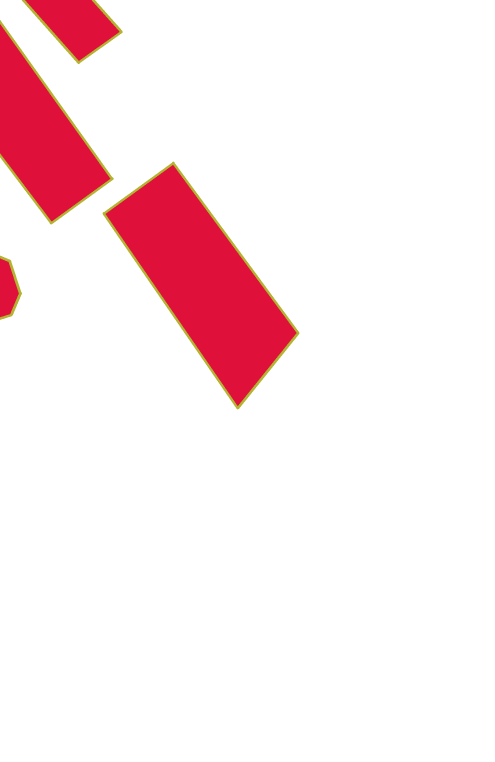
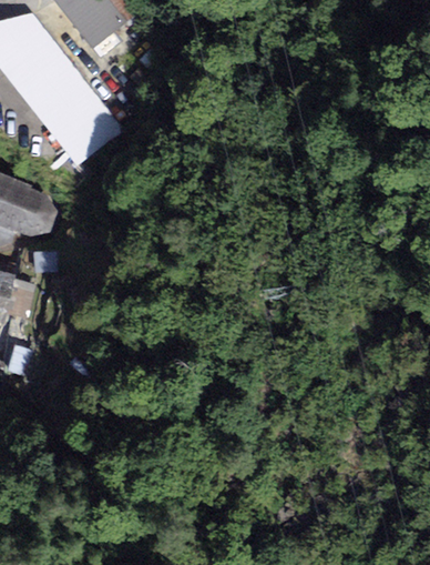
building: [104,163,298,408] -> none

